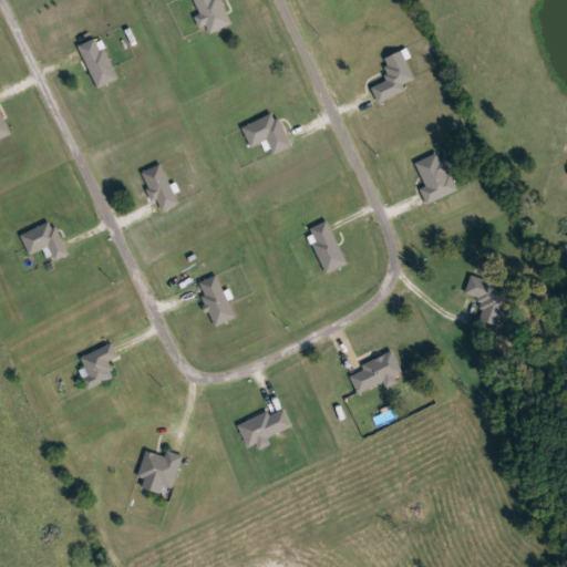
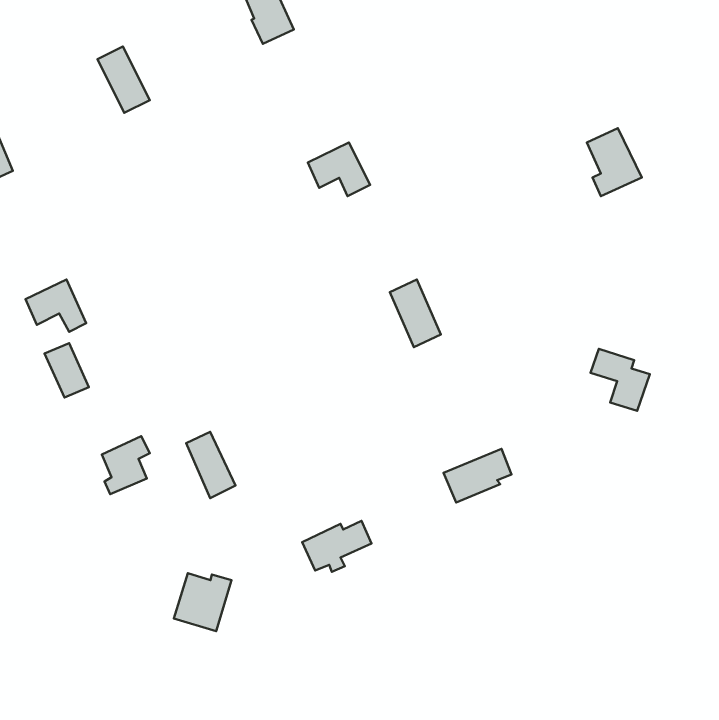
building: [370,51,413,102] -> none
building: [414,151,457,204] -> [587,128,642,196]
building: [141,164,178,212] -> none
building: none -> [44,343,89,398]
building: [196,274,235,326] -> [186,432,236,498]

